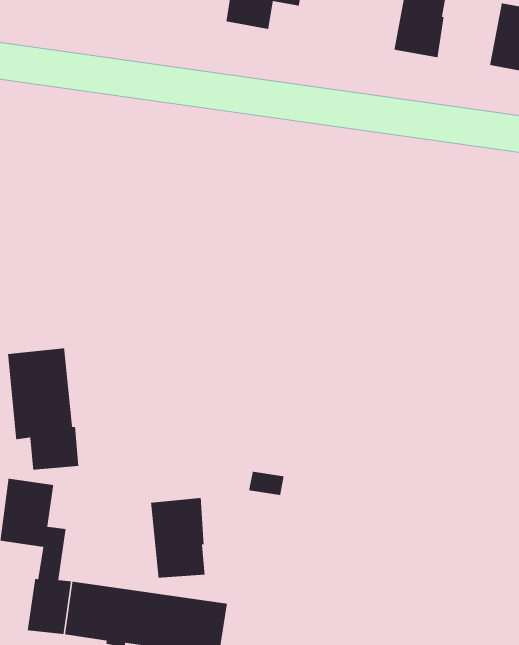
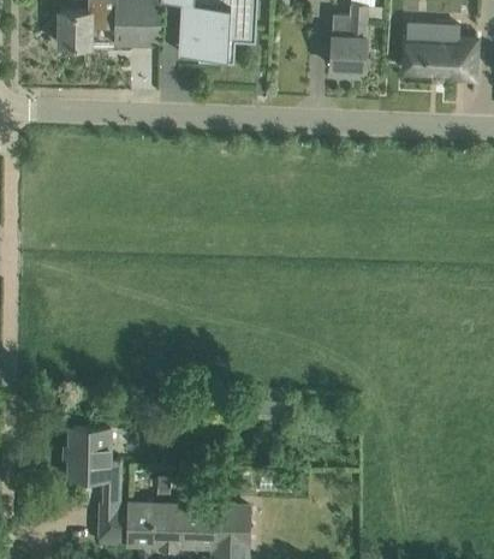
building: [7,348,79,470] -> none
building: [150,497,205,578] -> none

